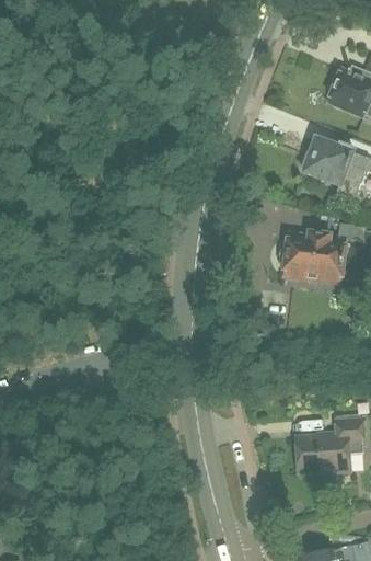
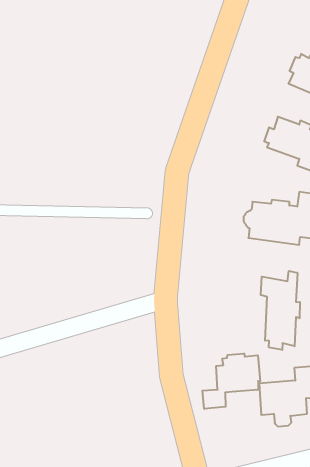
building: none -> [261,271,300,350]
building: none -> [202,353,260,409]

